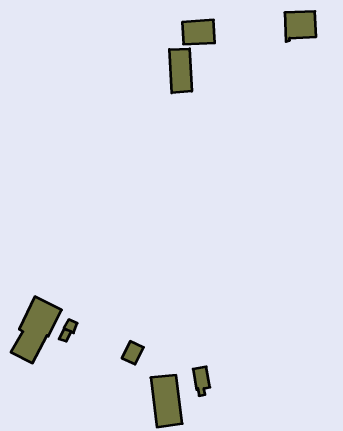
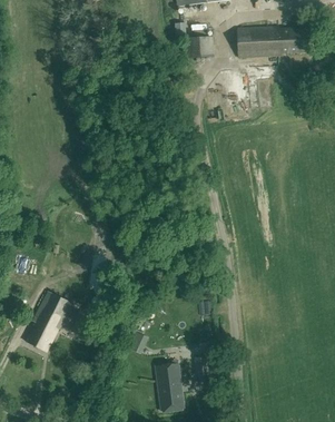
building: none -> [238,27,280,58]
building: [169,49,192,93] -> none

